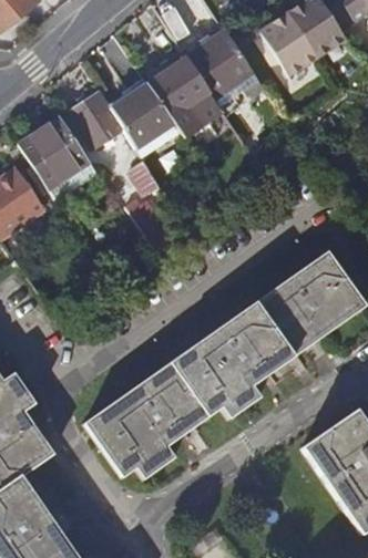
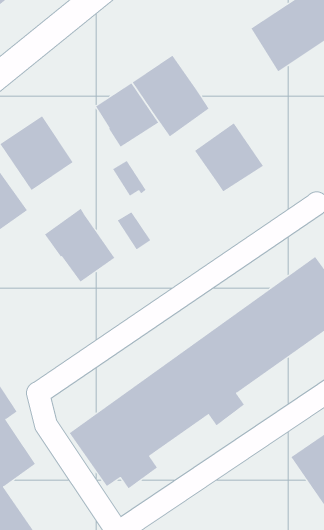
building: [186,30,254,97] -> [194,122,264,192]
building: [68,91,124,148] -> none
building: none -> [44,208,115,283]

